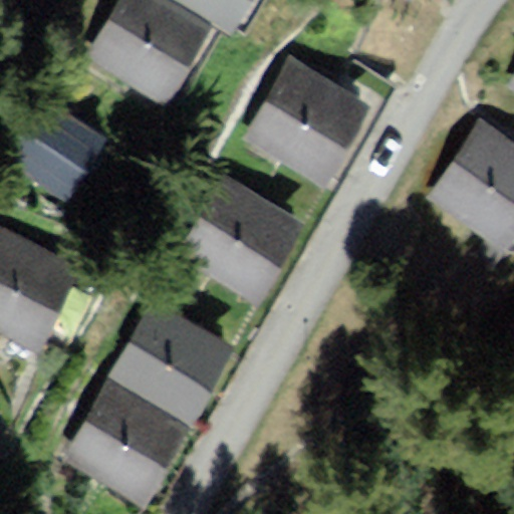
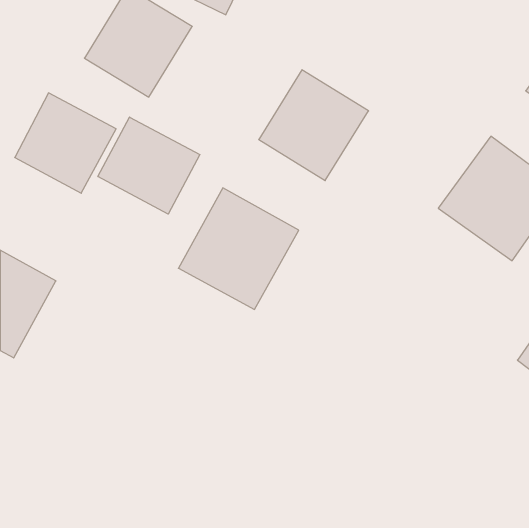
building: none -> [98,117,200,214]
building: [113,305,224,416] -> none
building: [69,391,175,496] -> none

